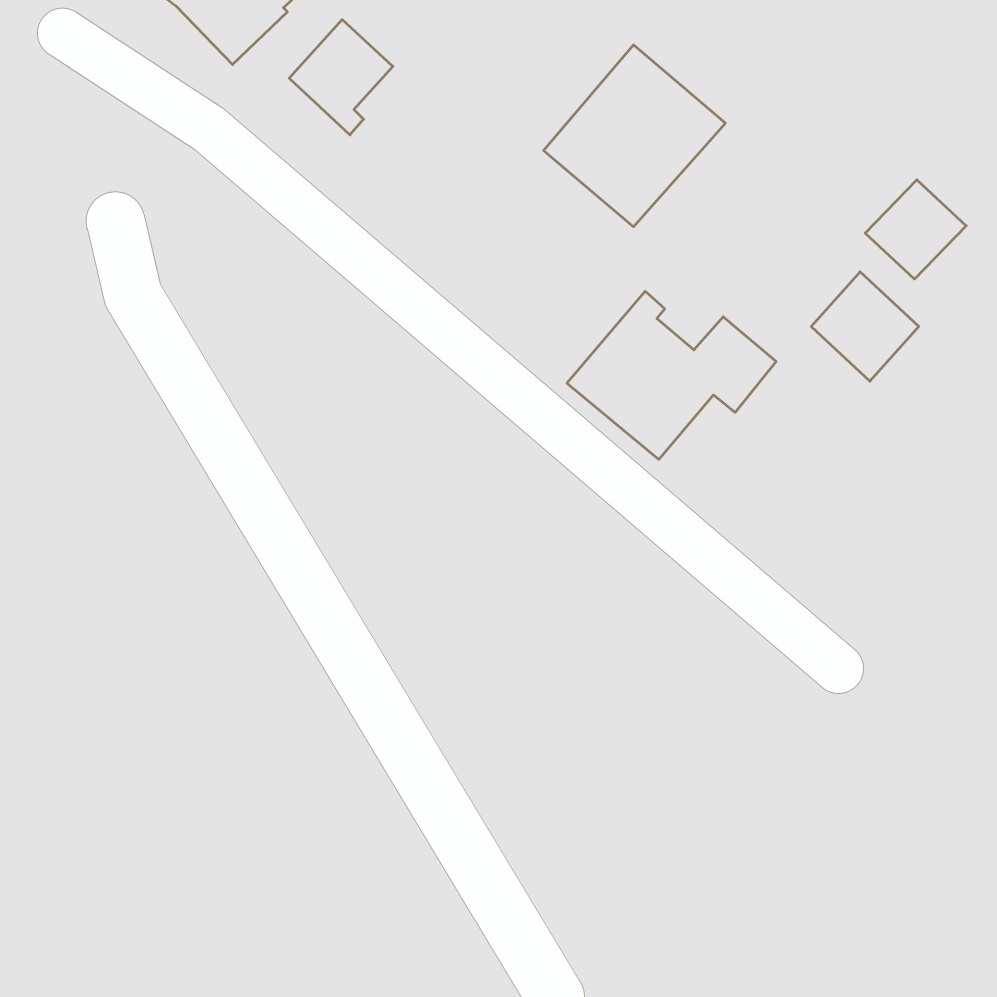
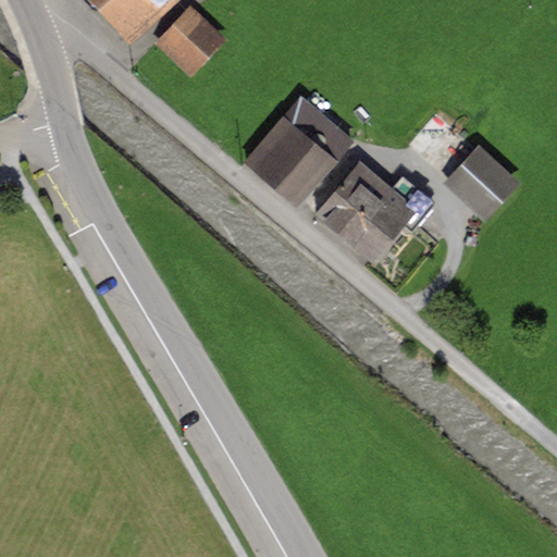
building: [544,45,725,227] -> [250,97,351,198]
building: [865,180,966,279] -> none

